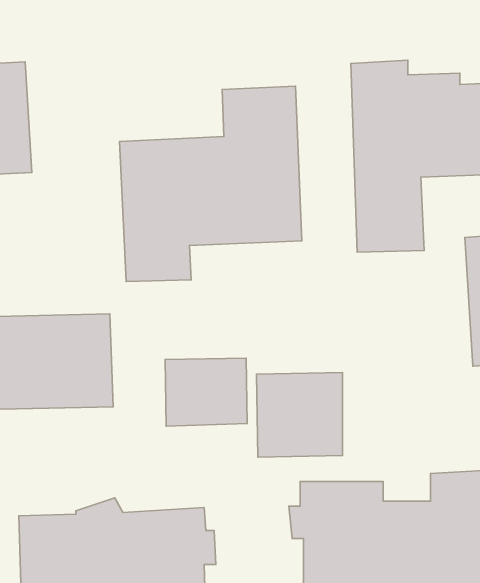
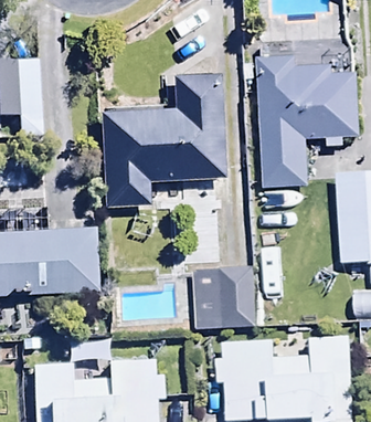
building: [165,358,247,426] -> none

